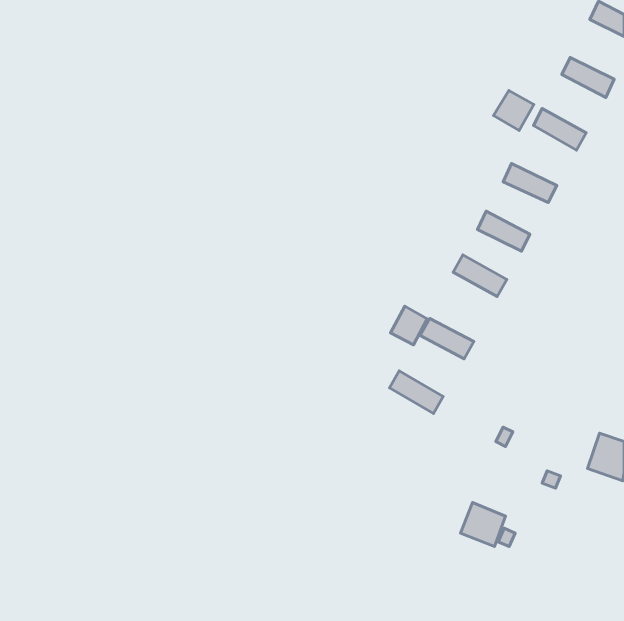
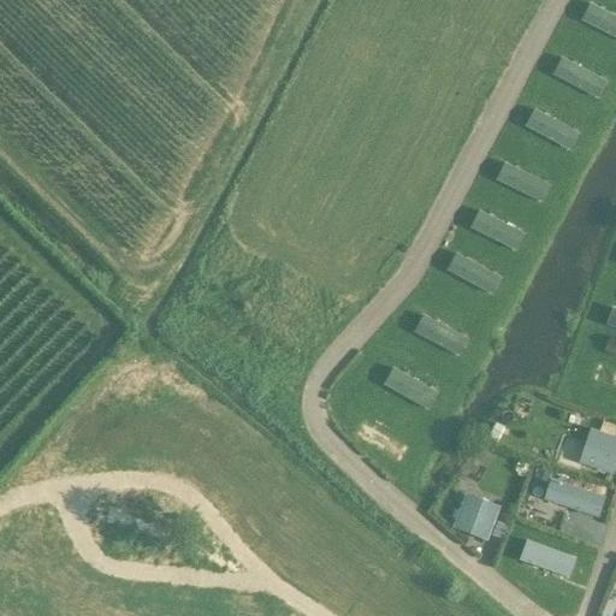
building: [493,91,534,130] -> none
building: [391,306,427,345] -> none
building: none -> [544,478,606,517]
building: none -> [521,539,575,576]

